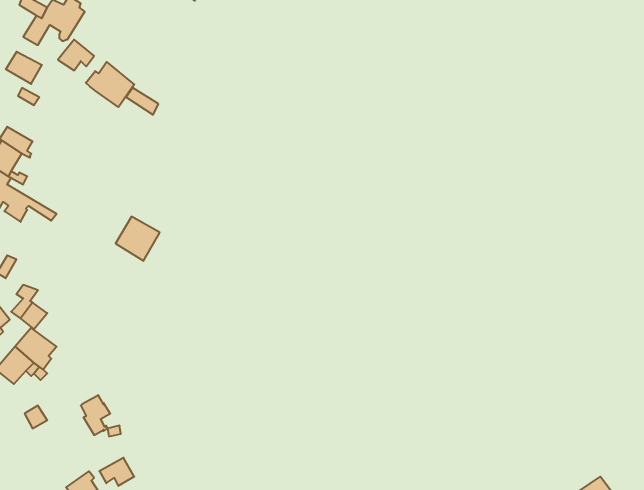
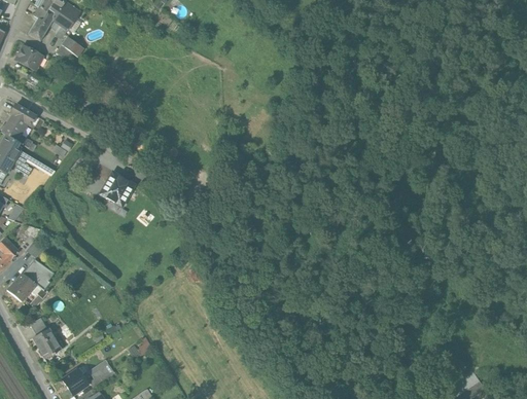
building: [86,62,134,107] -> none
building: [81,395,110,435] -> [34,327,57,358]

